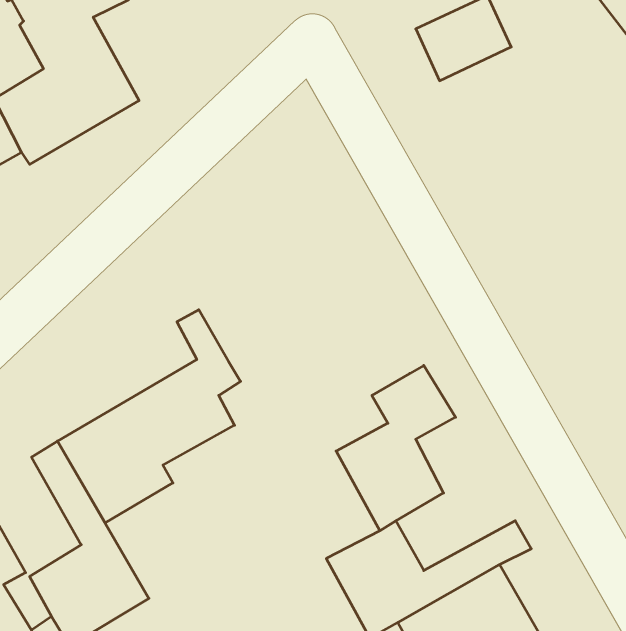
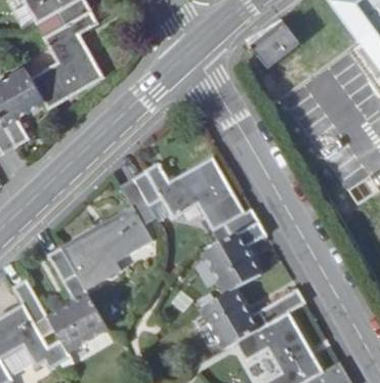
building: none -> [133,160,242,232]

